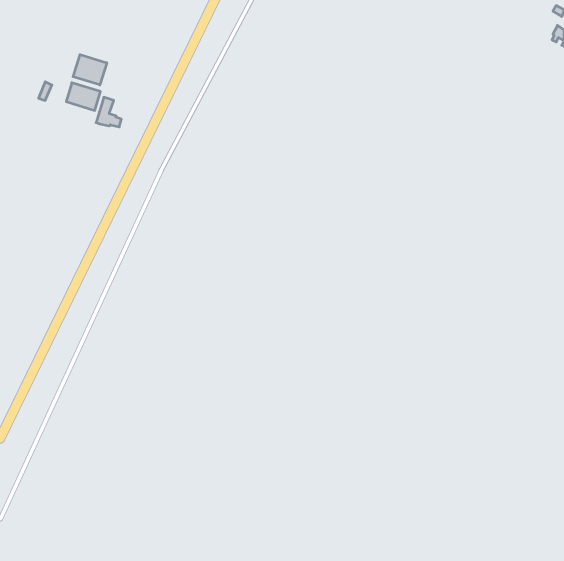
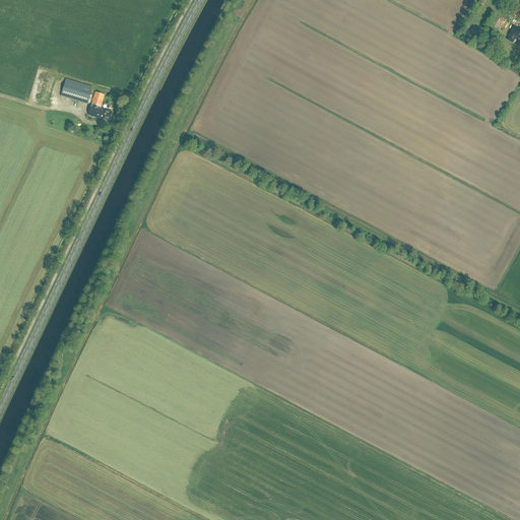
building: [73,55,107,85] -> none

